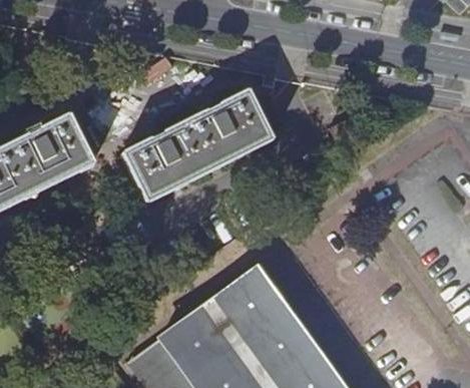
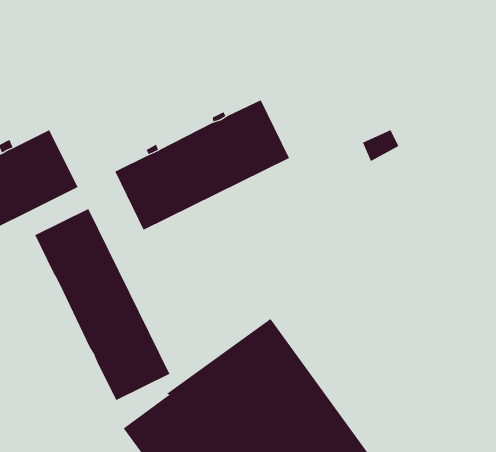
building: none -> [35,208,170,401]

